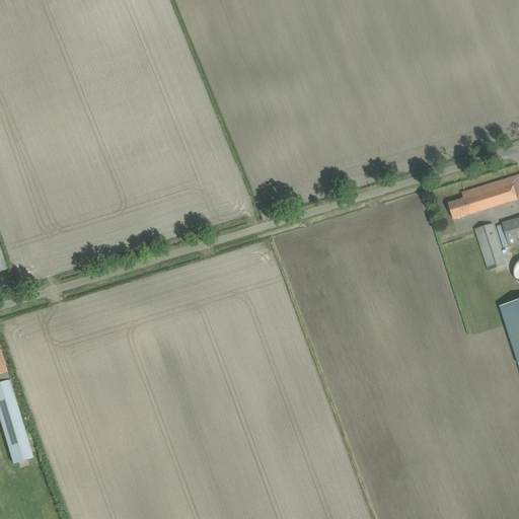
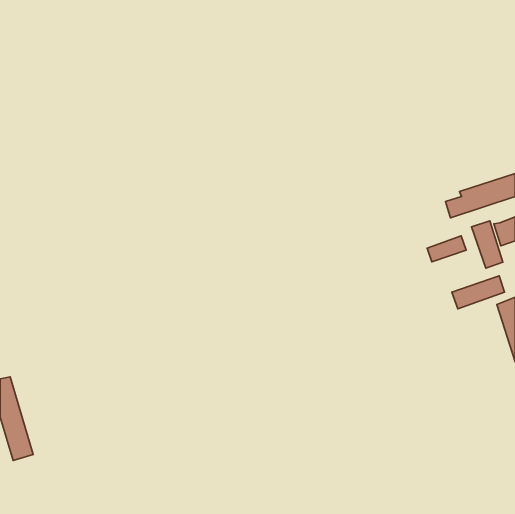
building: none -> [427,236,466,262]
building: none -> [452,276,504,309]

